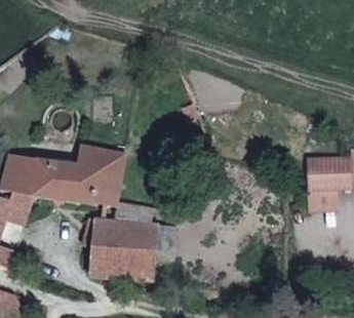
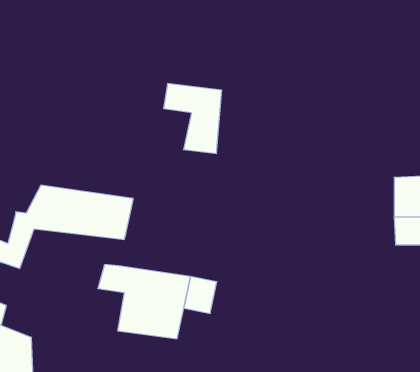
building: [84,145,129,199] -> [164,83,222,154]

